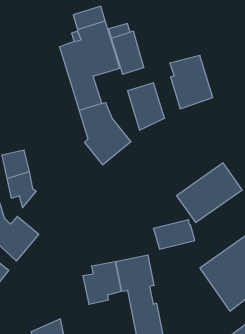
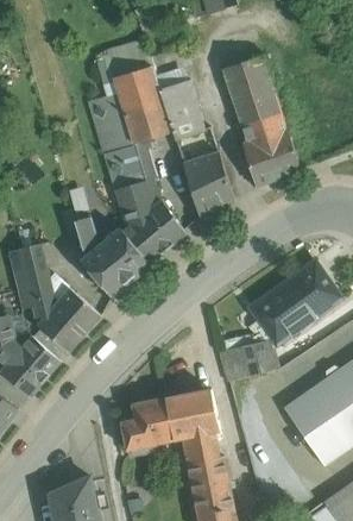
building: none -> [222,55,282,124]
building: none -> [74,216,147,296]
building: none -> [37,288,100,352]

